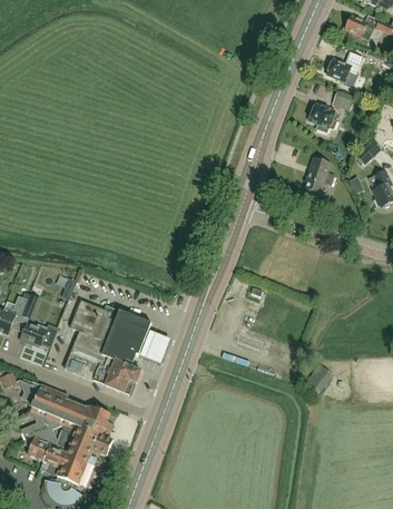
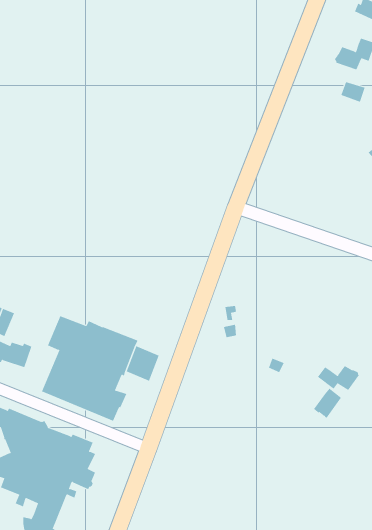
building: [310,105,336,131] -> none
building: [306,156,335,193] -> none
building: none -> [317,365,359,391]

